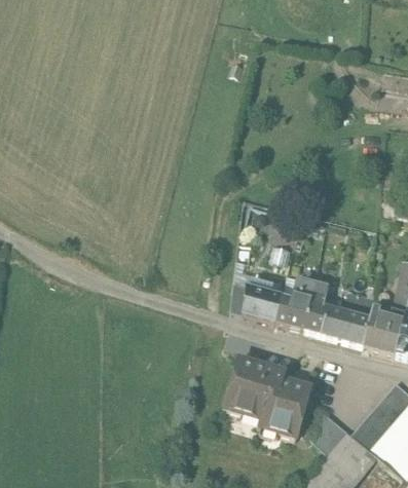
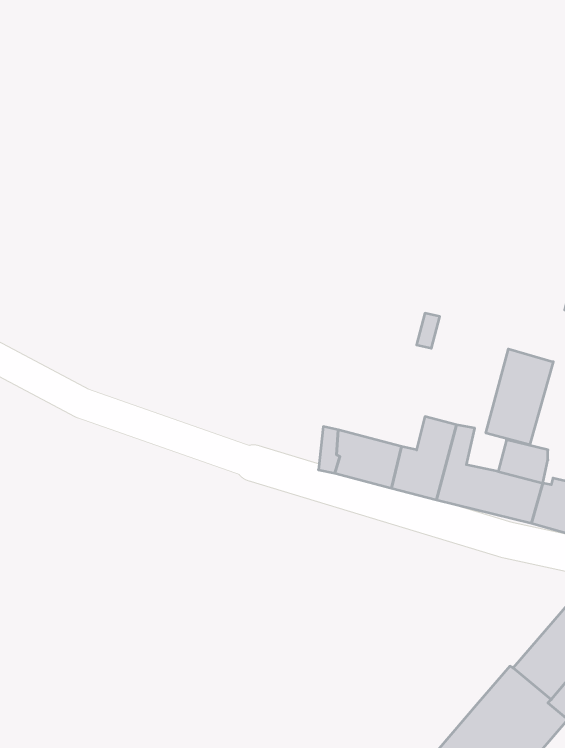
building: none -> [486,349,553,445]
building: [225,358,311,437] -> none
building: [311,411,350,454] -> none

